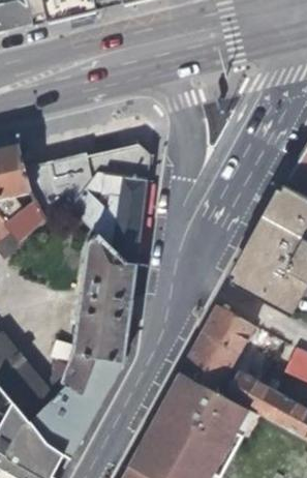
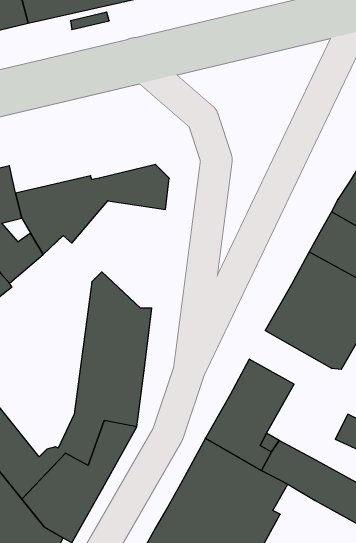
building: [69,173,147,262] -> none

